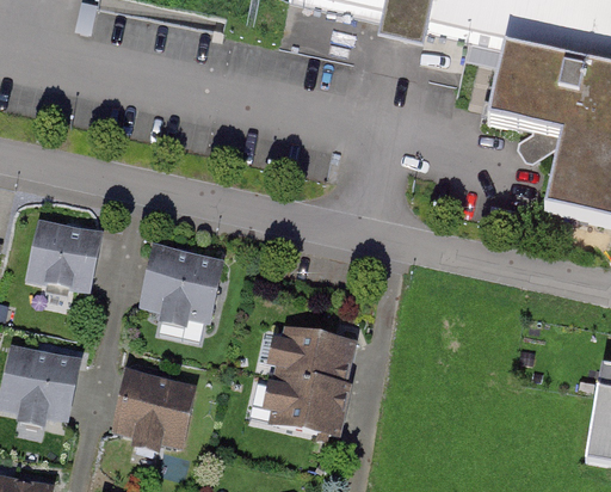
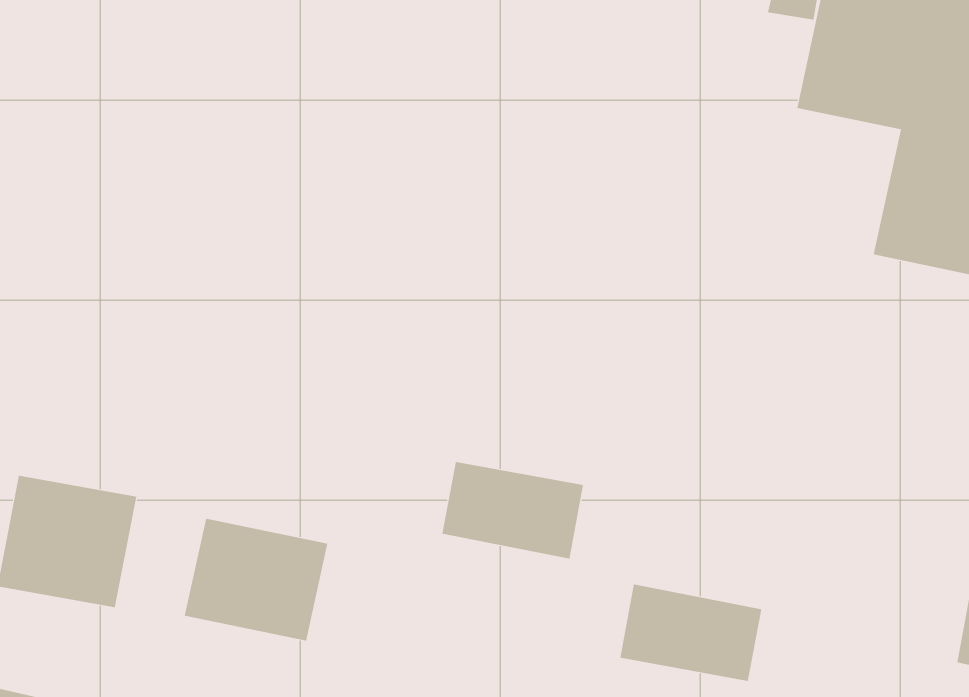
building: [23,215,105,288] -> none
building: [140,244,226,314] -> none
building: [263,379,350,438] -> [620,584,762,681]

